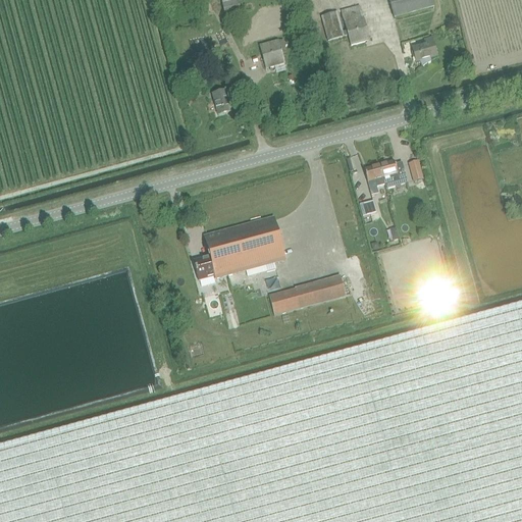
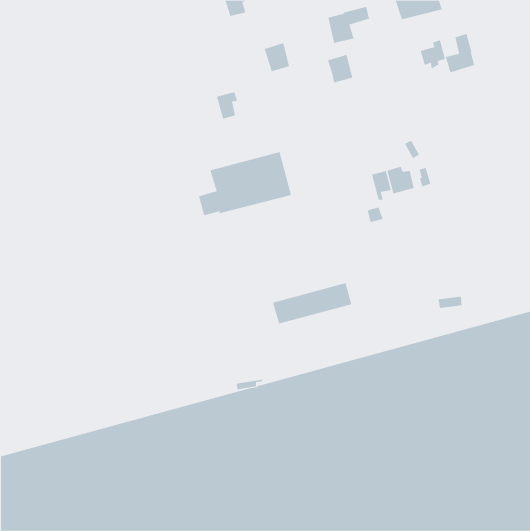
building: [345,18,370,47] -> [327,54,353,83]
building: none -> [445,33,475,73]
building: [194,218,285,281] -> [198,151,292,216]

